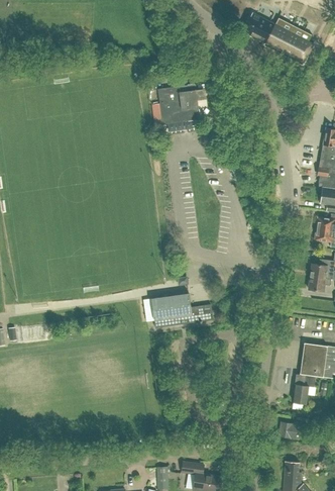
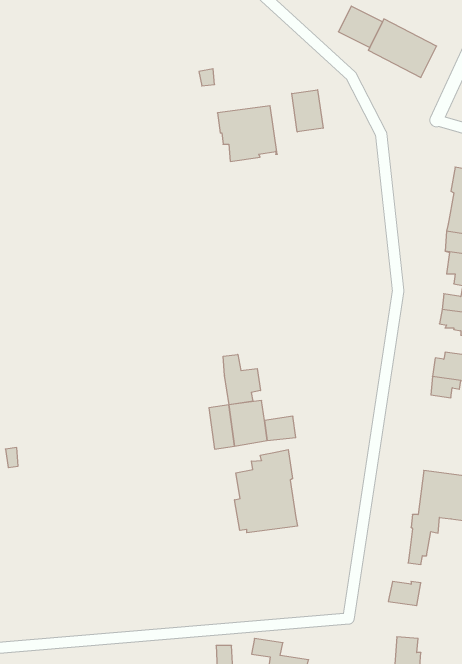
building: none -> [292,90,323,132]
building: none -> [223,354,260,405]
building: none -> [235,450,297,533]

